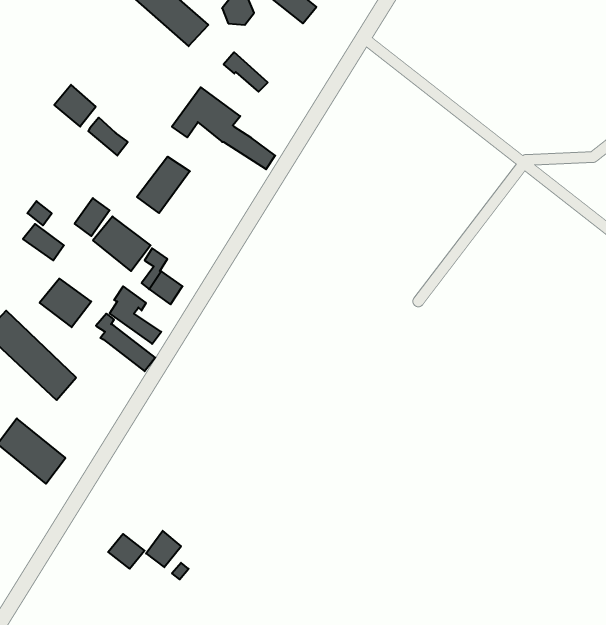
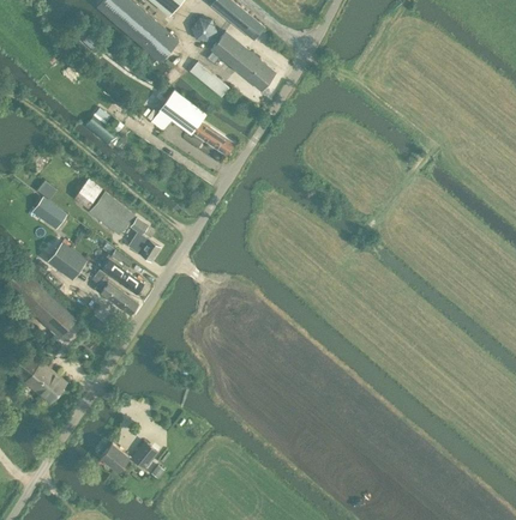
building: none -> [211,32,275,91]
building: [54,85,96,127] -> none
building: [137,157,190,213] -> none

